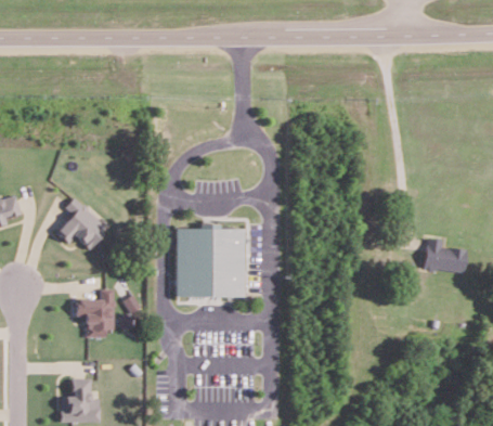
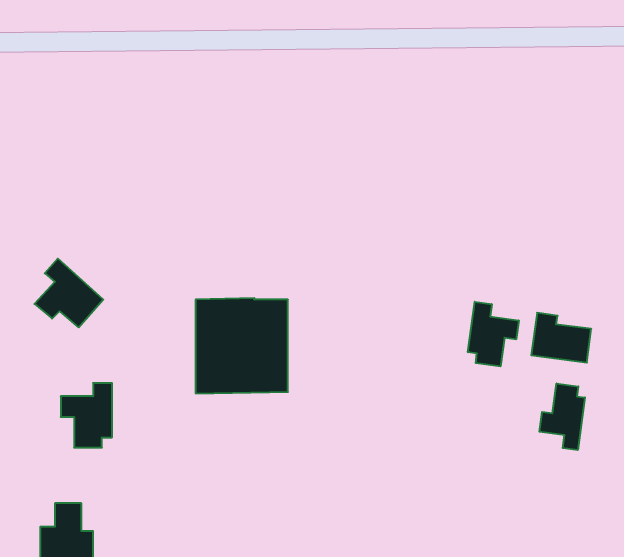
building: none -> [468,302,519,366]
building: none -> [539,383,585,450]

